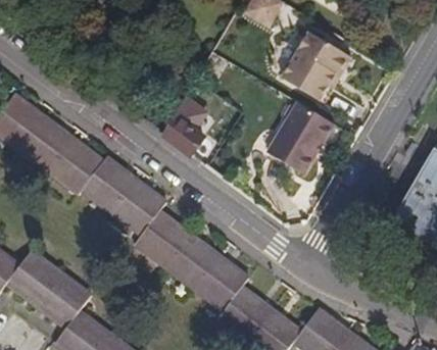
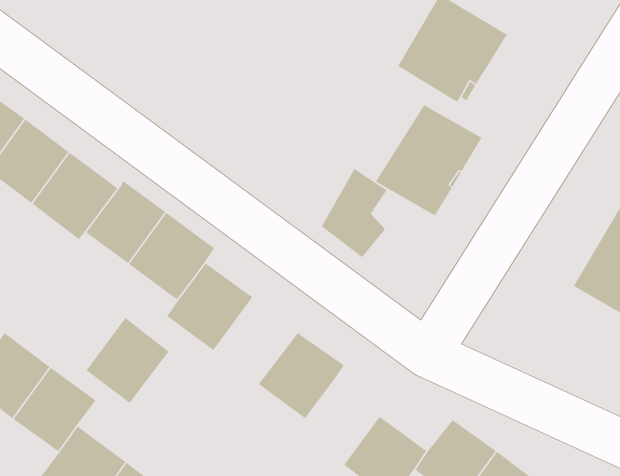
building: [163,99,206,157] -> [321,168,387,258]
building: [163,229,217,285] -> [86,317,169,404]
building: [216,283,271,337] -> none

